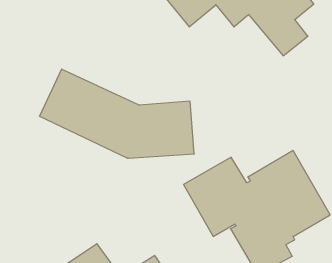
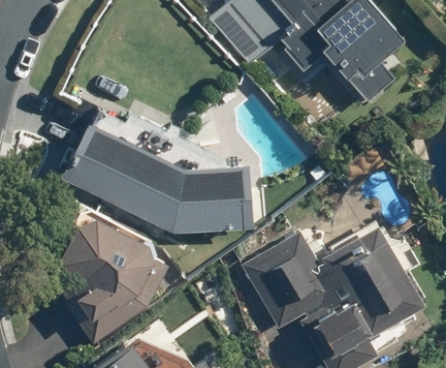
building: none -> [61,209,159,345]

